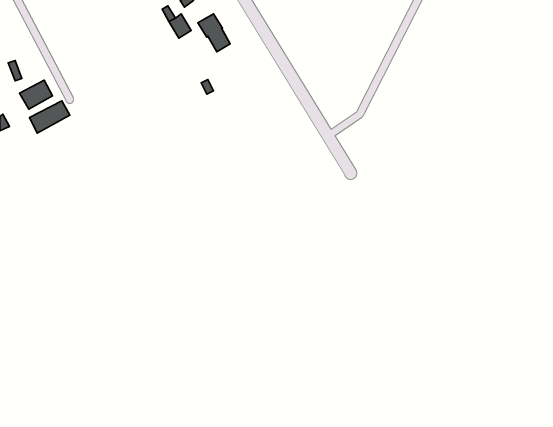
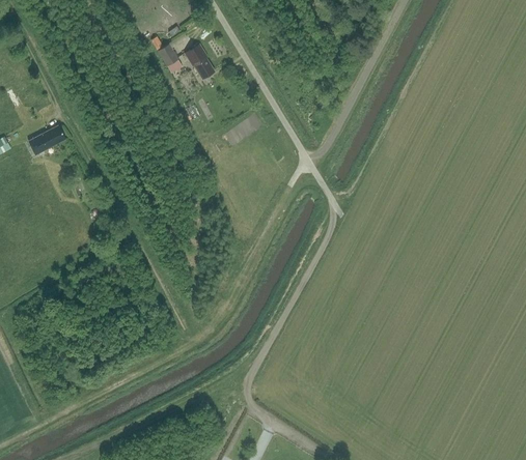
building: [20,80,53,109] -> none

